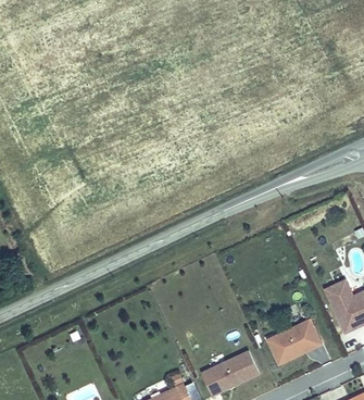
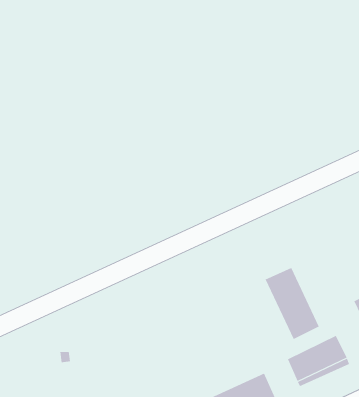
building: none -> [265,267,319,340]

